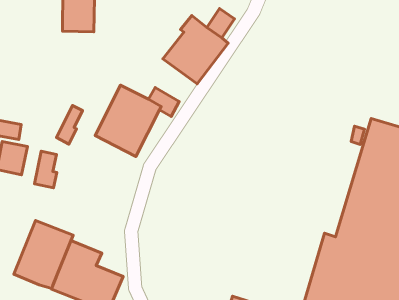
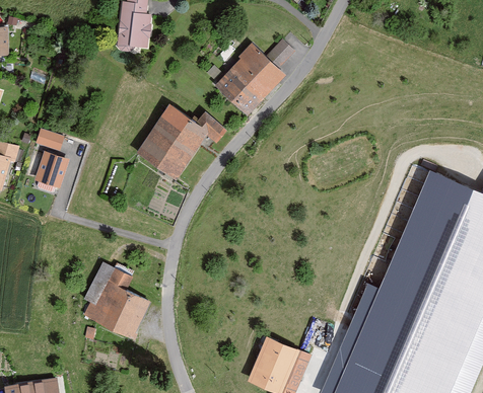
building: [57,106,82,144] -> none
building: [35,151,57,188] -> none
building: [14,221,73,289] -> none

